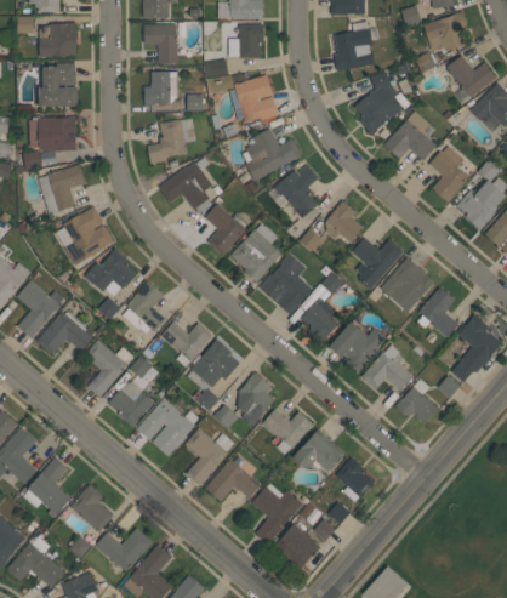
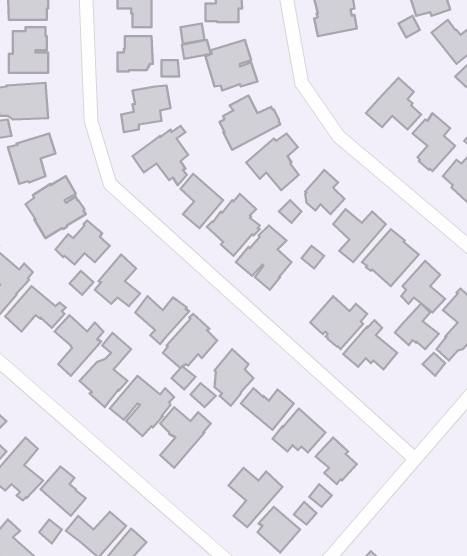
building: [354,72,403,135] -> none
building: [301,301,340,341] -> none
building: [395,378,438,422] -> [395,304,439,349]
building: [205,460,262,502] -> none

